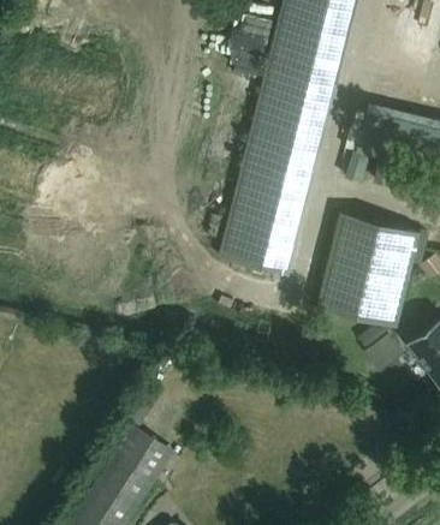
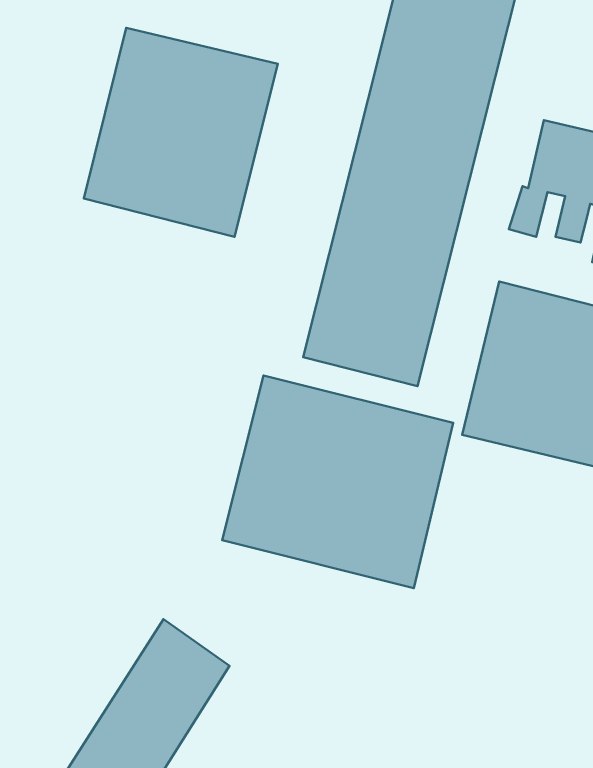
building: none -> [84,28,278,237]
building: none -> [222,376,453,588]

